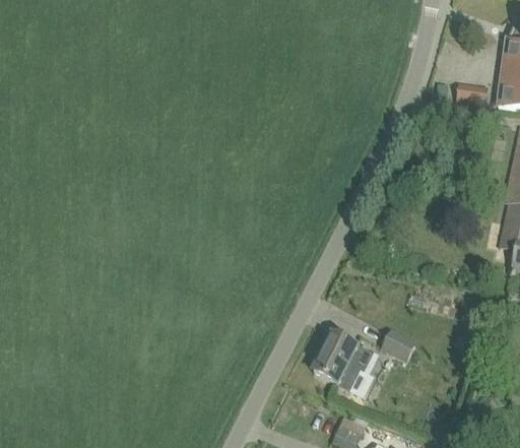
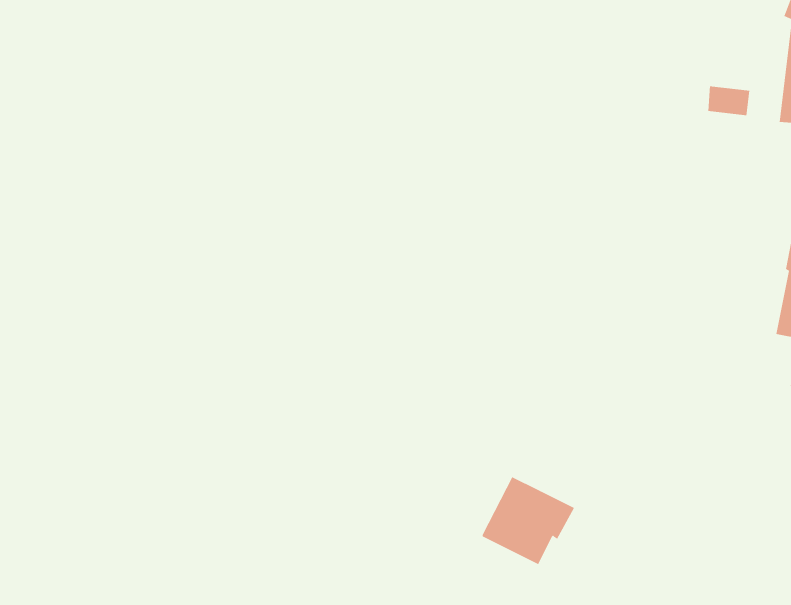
building: [380,331,413,363] -> none

